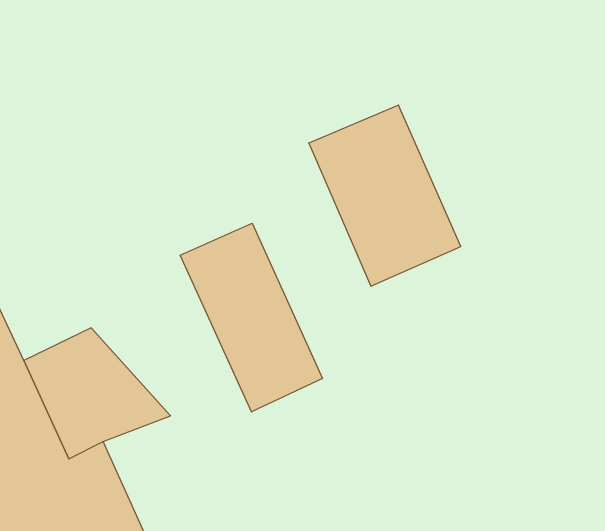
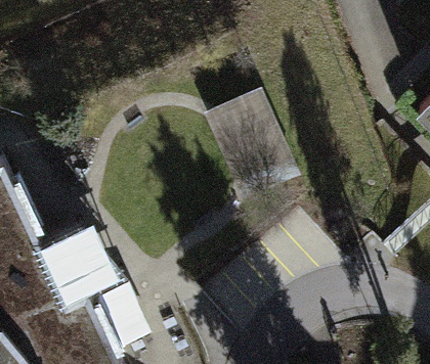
building: [180,223,322,412] -> none

